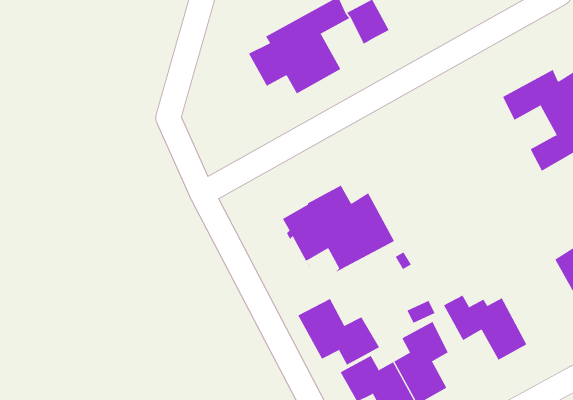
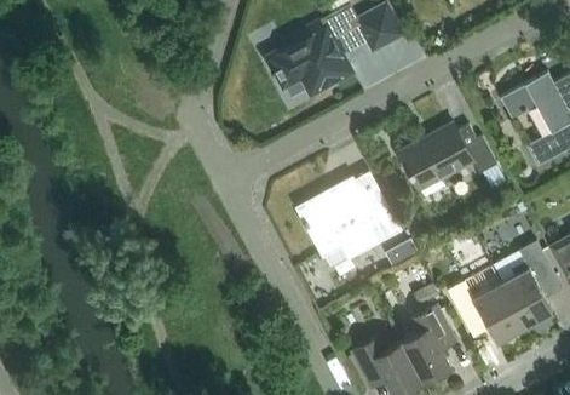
building: none -> [398,122,496,199]
building: none -> [501,241,554,326]
building: [298,298,380,366] -> none

